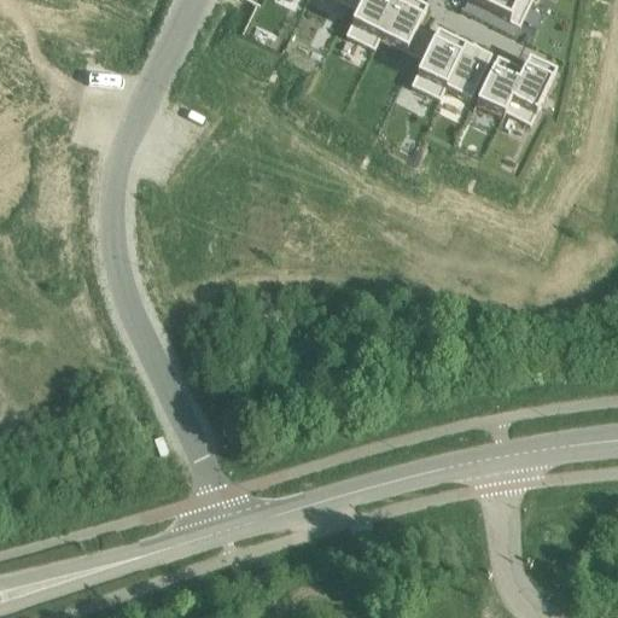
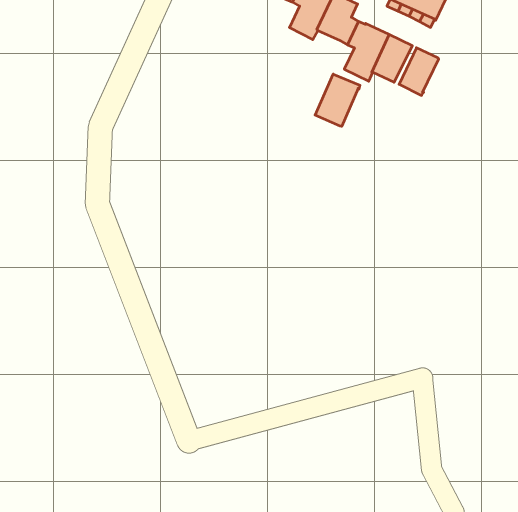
building: [502,54,555,122] -> none
building: none -> [315,74,360,126]

